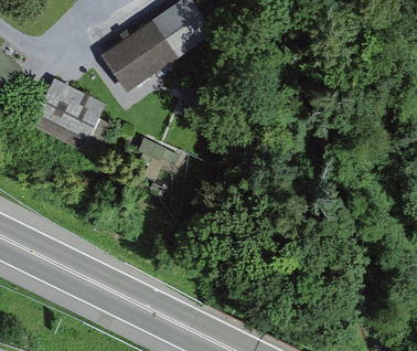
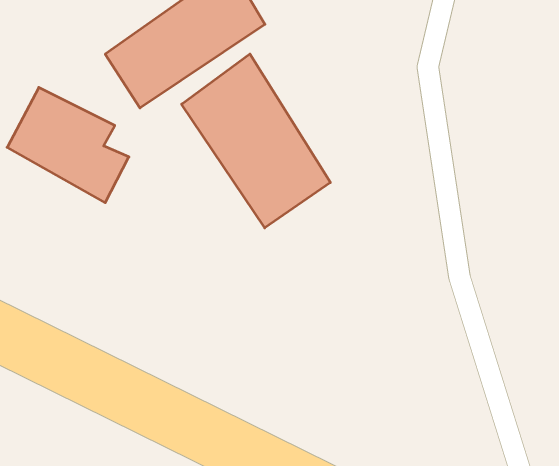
building: none -> [182,54,330,228]

